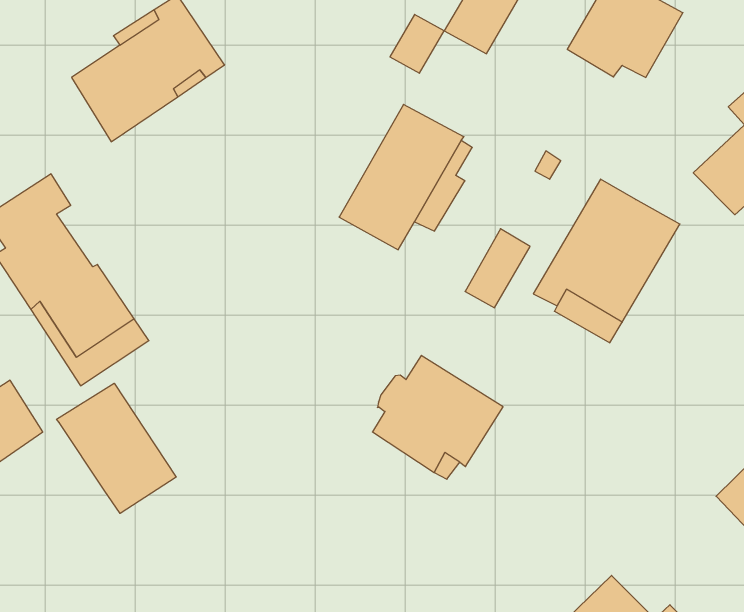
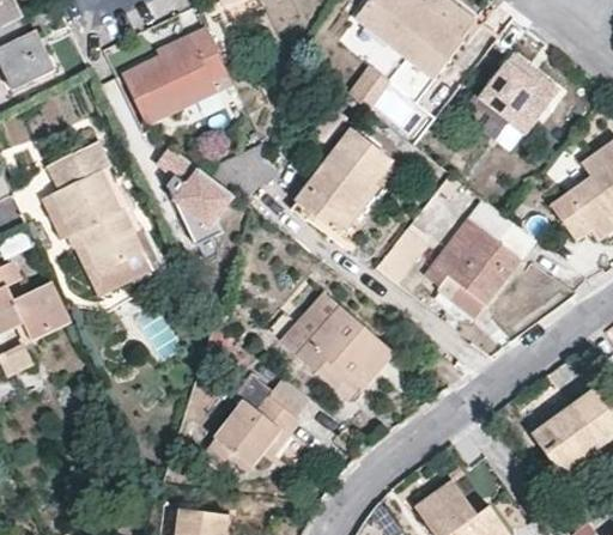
building: none -> [163,151,232,243]
building: [57,383,176,513] -> none
building: none -> [202,395,297,467]

